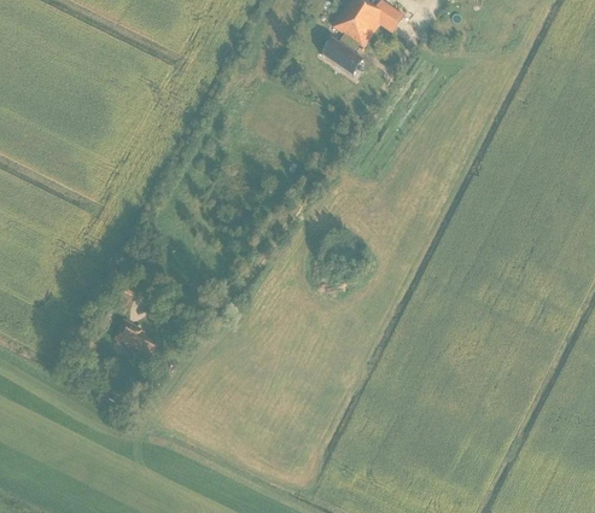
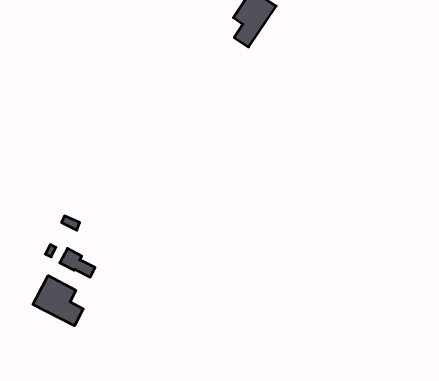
building: none -> [33,276,83,326]

